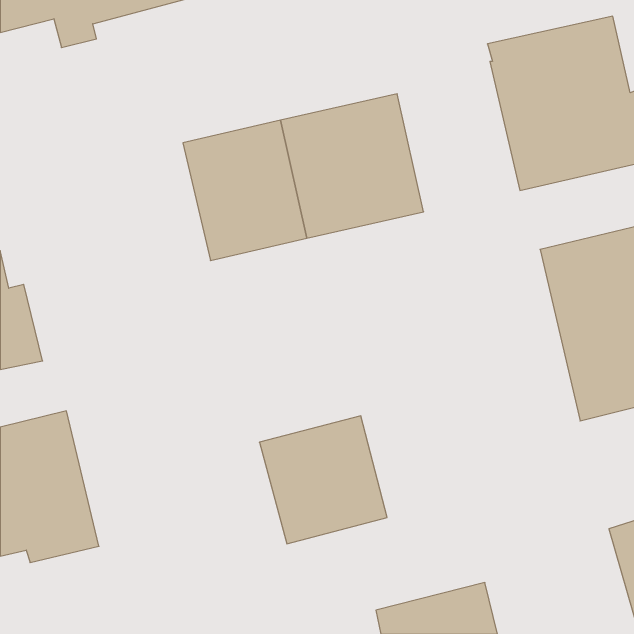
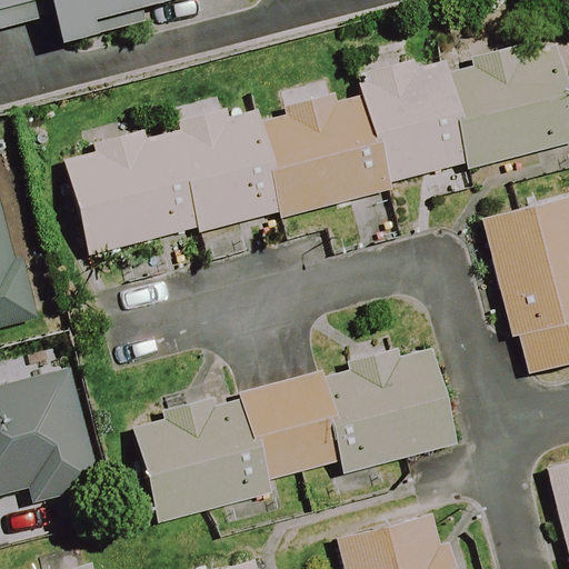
building: none -> [357,54,467,188]
building: none -> [64,127,192,254]
building: none -> [326,341,457,471]
building: none -> [131,392,263,522]

